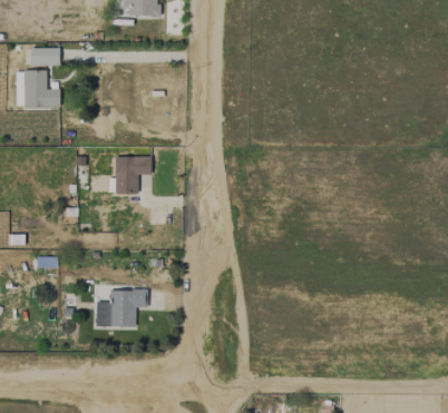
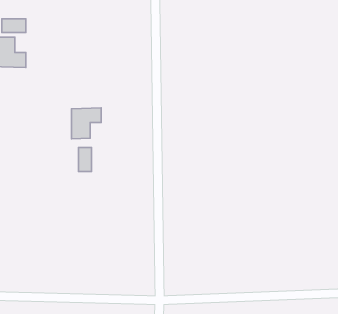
building: none -> [78,148,91,171]
building: [110,289,146,327] -> none

